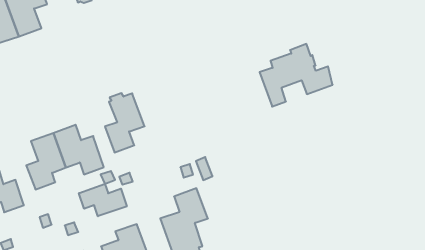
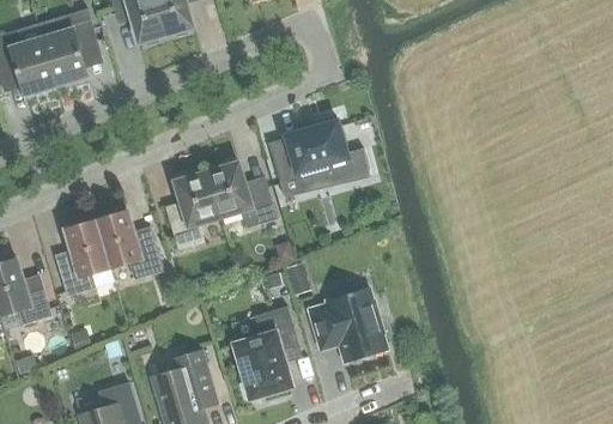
building: [260,44,333,107] -> [269,115,368,198]
building: none -> [206,158,277,229]
building: none -> [310,289,386,362]
building: [79,184,127,216] -> none

